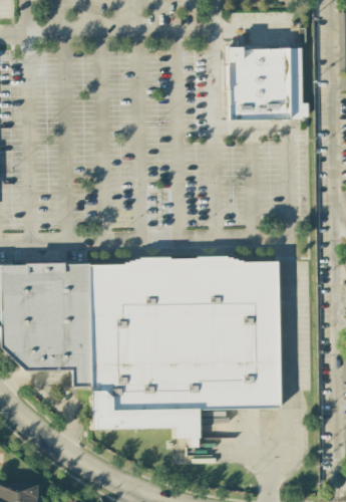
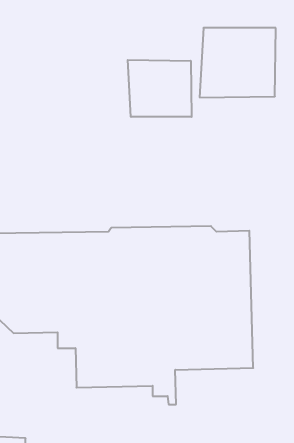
building: none -> [128,60,192,117]

